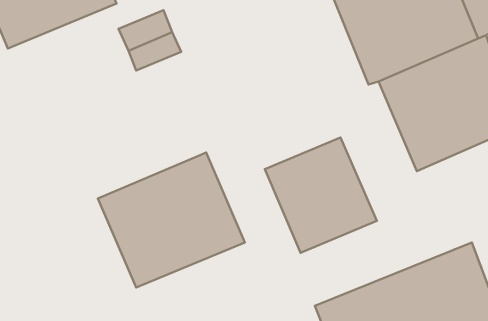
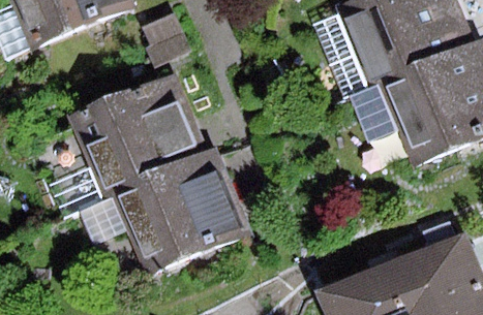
building: none -> [69,74,207,194]
building: [265,138,377,253] -> none

